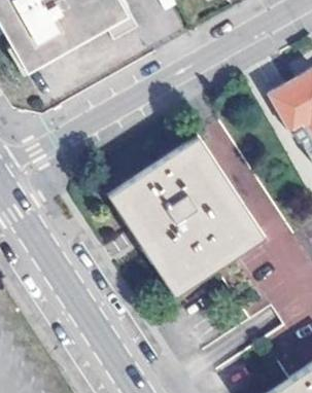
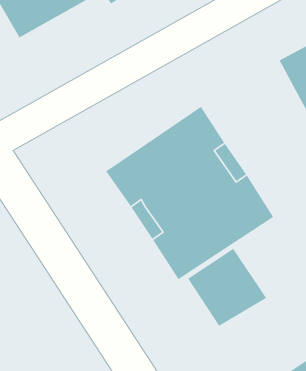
building: none -> [187,248,267,327]

